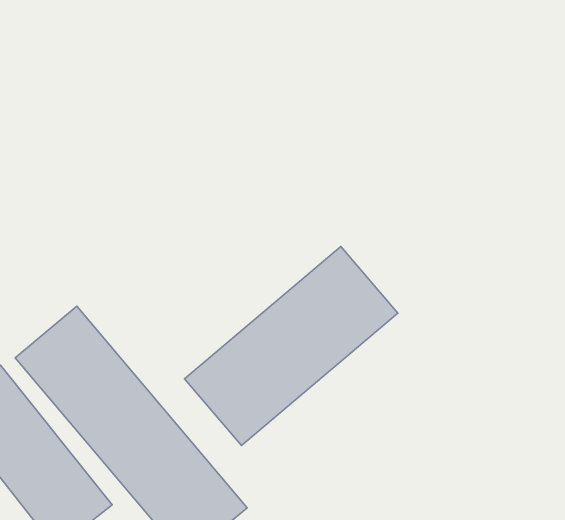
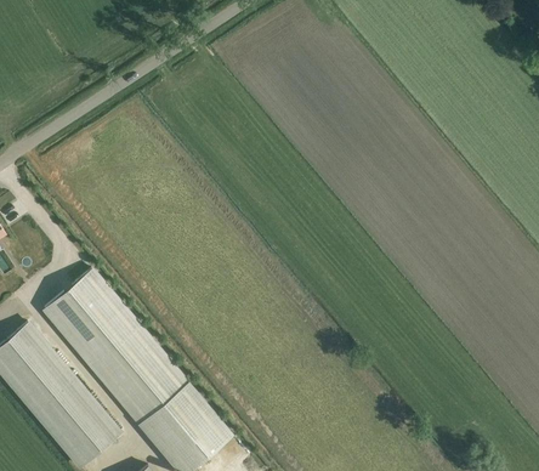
building: [185,247,398,445] -> none

